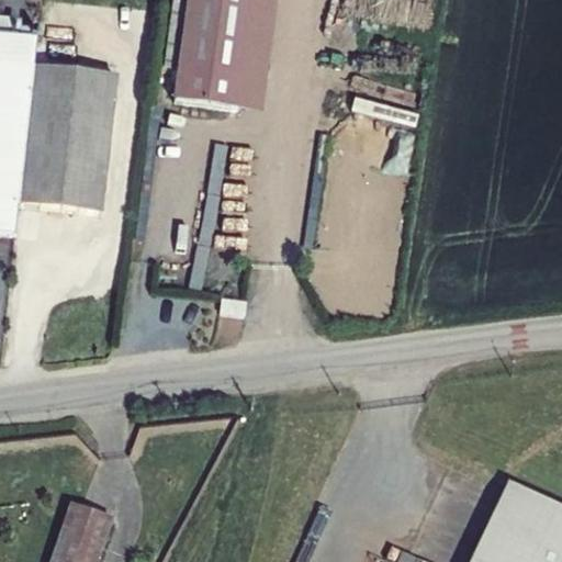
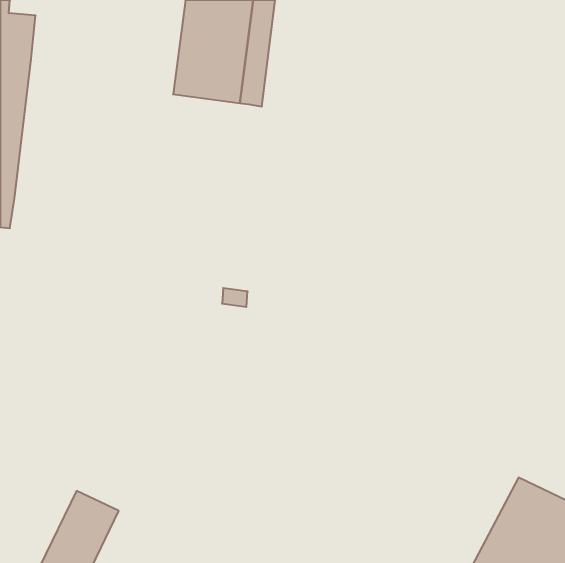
building: [16,61,112,210] -> none

